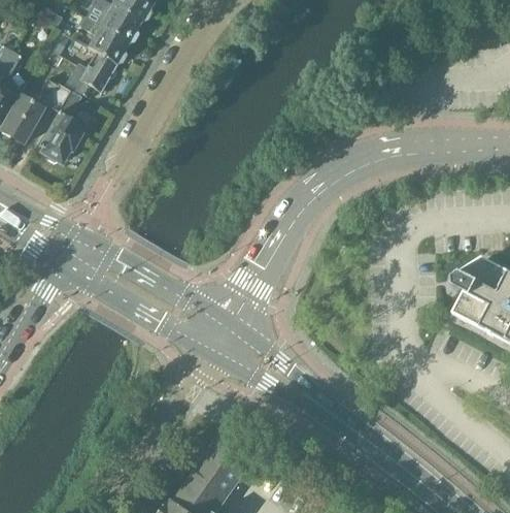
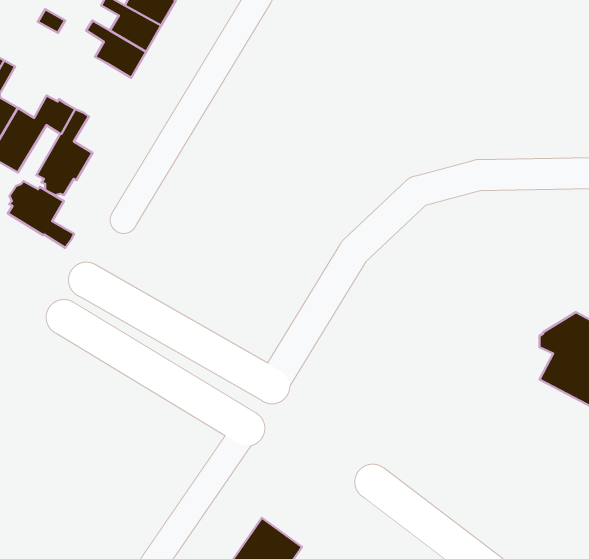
building: [62,54,115,99] -> none
building: none -> [8,181,74,248]

